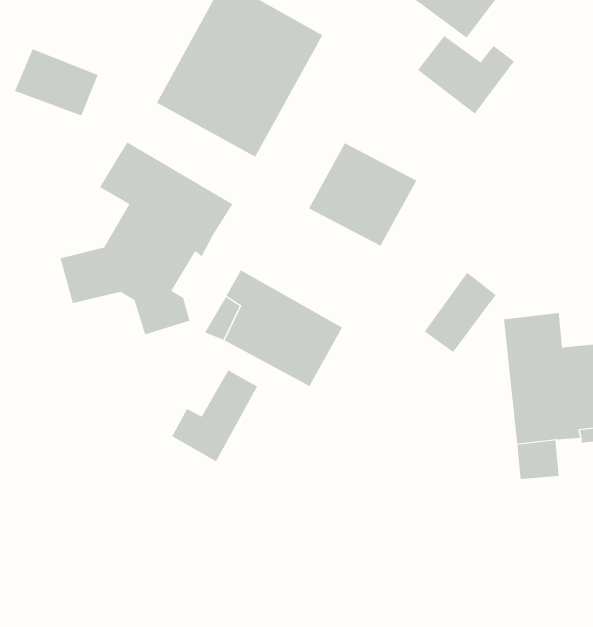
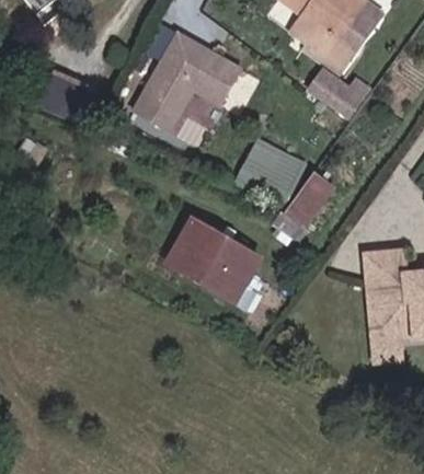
building: [60,141,233,335] -> none
building: [424,272,497,353] -> [285,174,333,228]
building: [171,370,258,462] -> none

